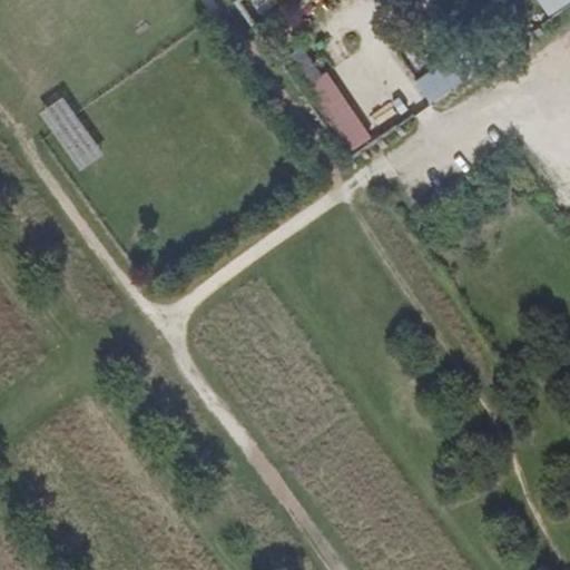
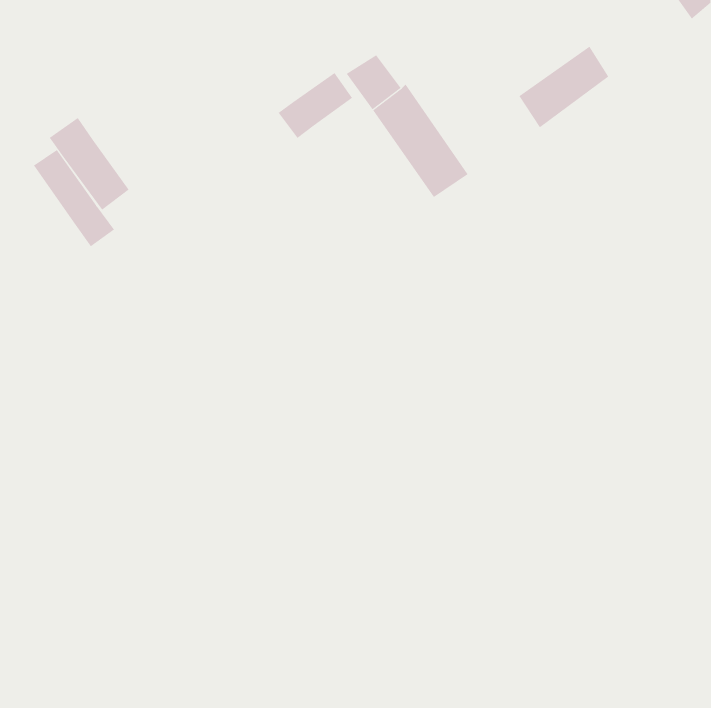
building: none -> [278,72,353,139]
building: none -> [33,149,115,247]

